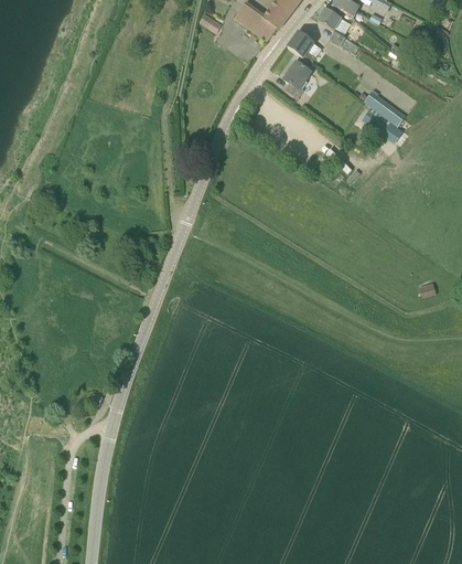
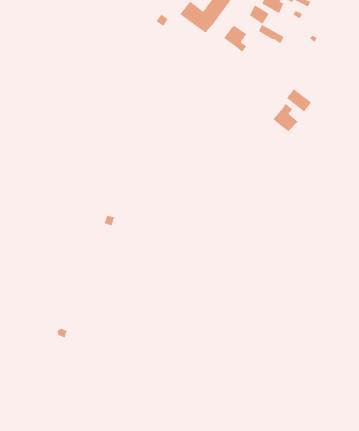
building: [282,60,311,96] -> none
building: none -> [272,103,298,132]

